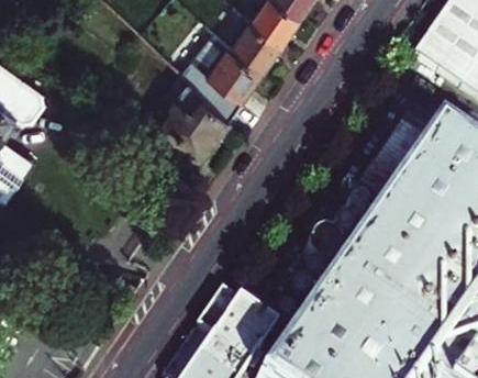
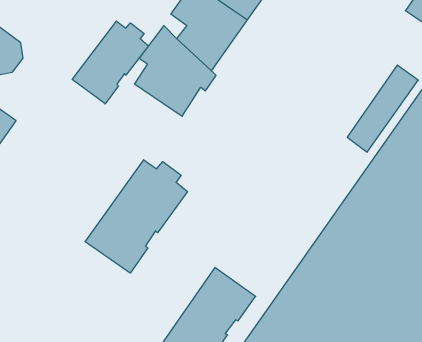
building: none -> [72,21,149,104]
building: none -> [85,160,188,273]

